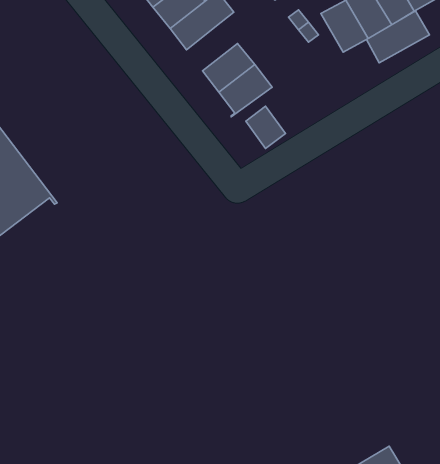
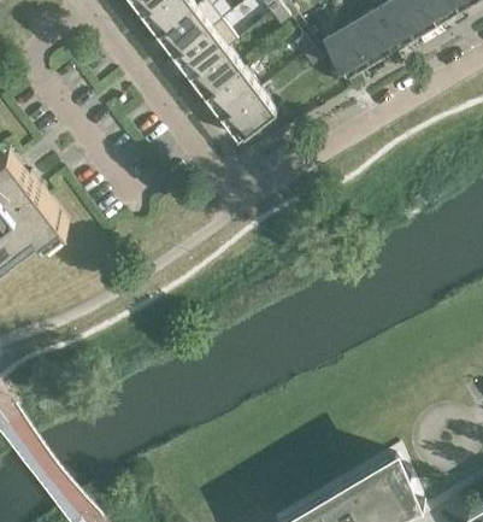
building: [367,11,429,63] -> none
building: none -> [192,49,241,96]
building: [246,106,285,148] -> none

